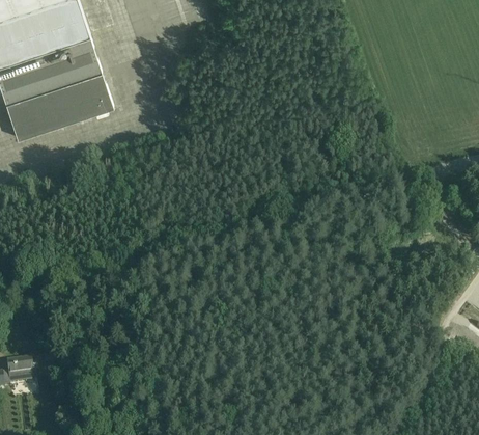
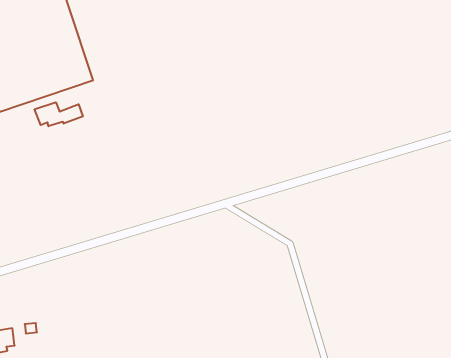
building: none -> [35,102,83,126]

